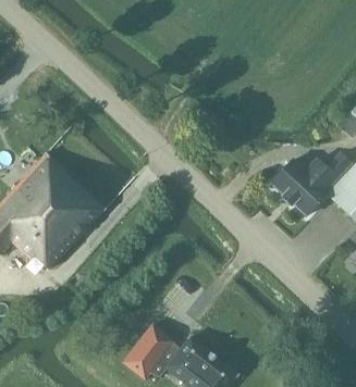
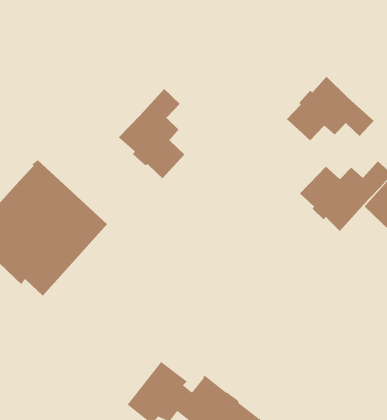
building: none -> [286,76,375,141]
building: none -> [118,88,185,179]

